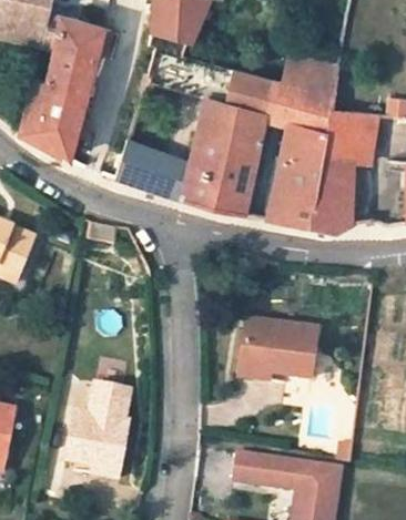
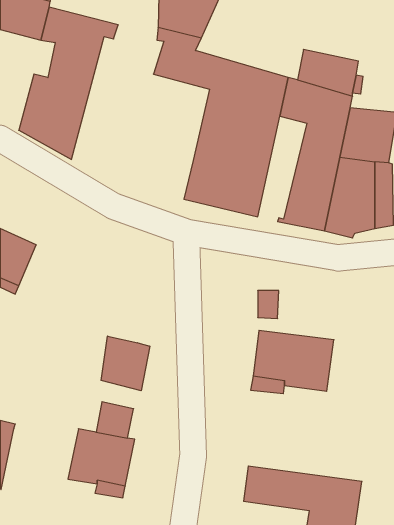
building: [115,137,184,196] -> none
building: none -> [101,336,150,391]

